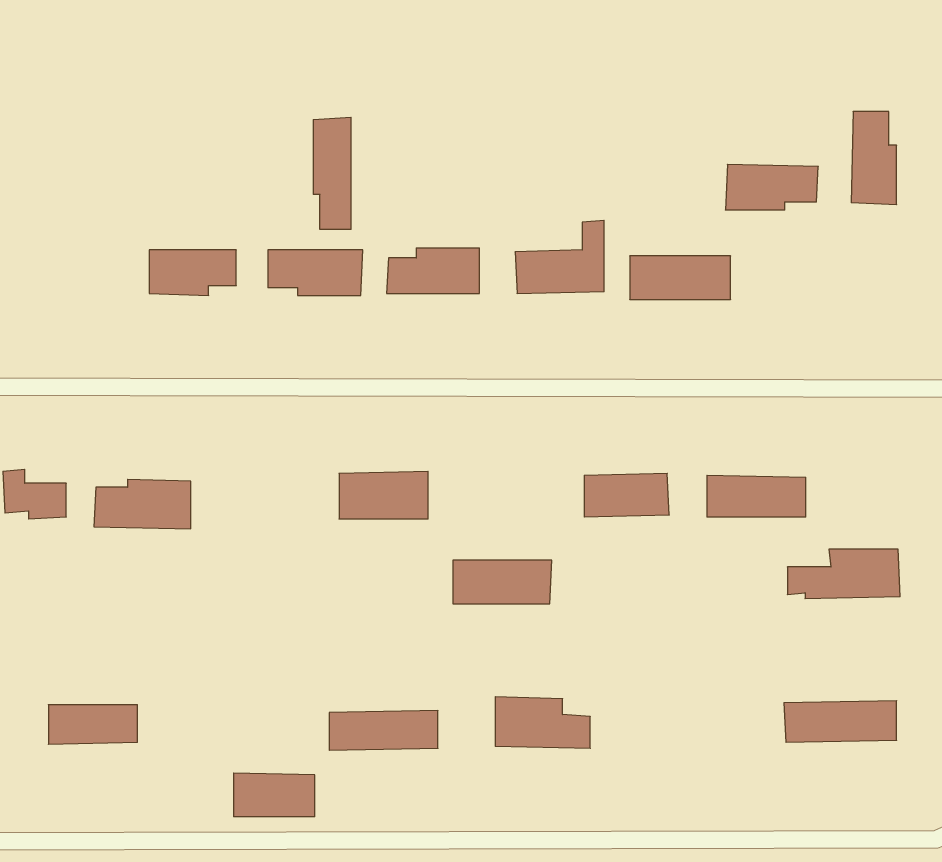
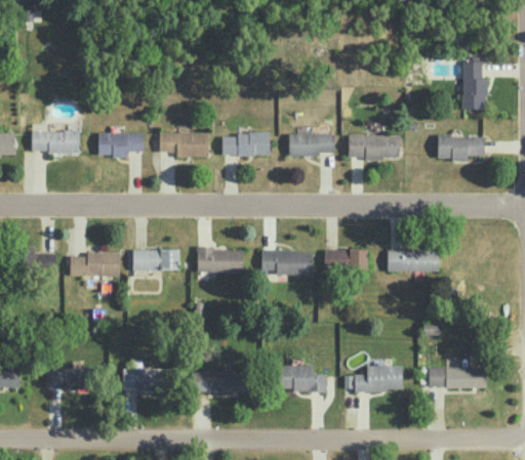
building: [313,117,351,229] -> none
building: [725,164,818,210] -> [437,136,485,160]
building: none -> [32,131,79,153]
building: none -> [132,249,180,270]
building: [787,549,900,599] -> [345,366,403,391]
building: [453,560,552,604] -> [261,251,313,274]
building: [234,773,315,817] -> [123,369,165,391]

